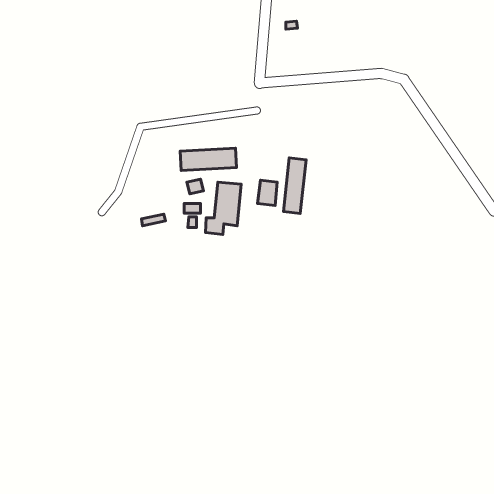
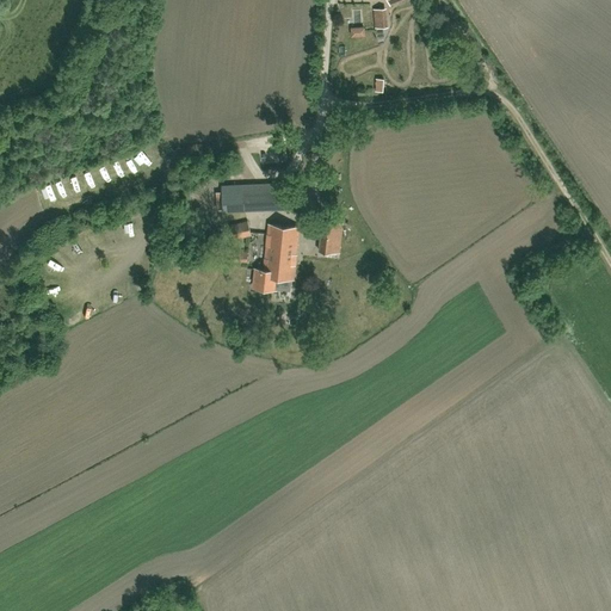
building: [283,158,306,213] -> none

